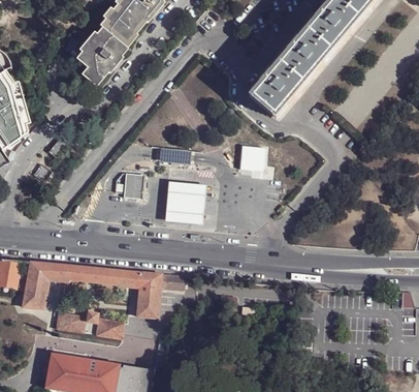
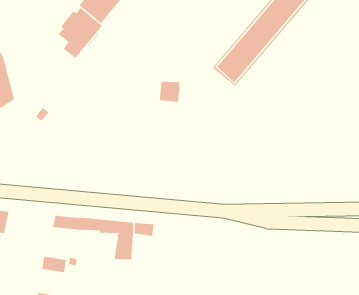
building: [239,146,264,171] -> [159,81,181,103]
building: [122,172,142,198] -> none
building: [164,180,204,223] -> none
building: [17,260,70,308] -> none
building: [96,316,123,337] -> none

